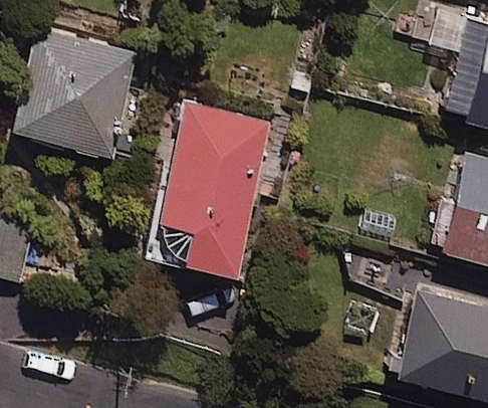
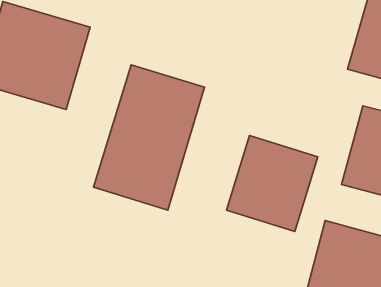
building: none -> [226,135,318,232]

